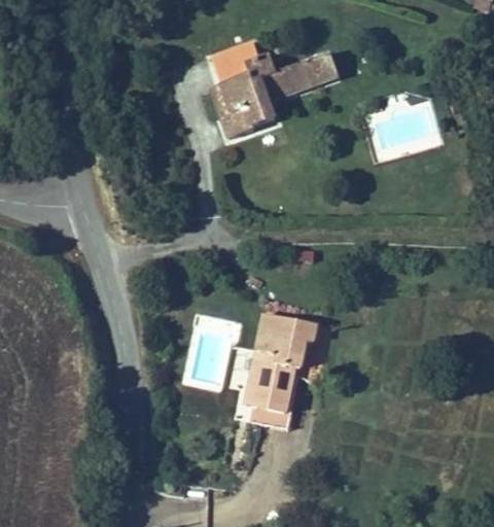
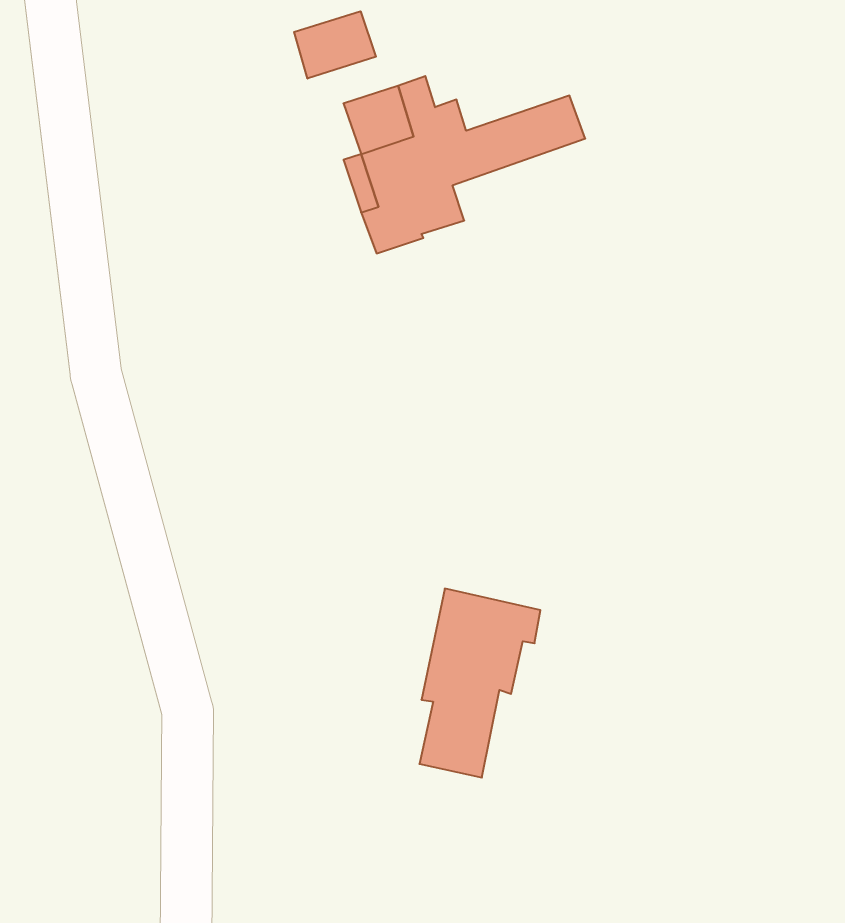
building: none -> [294,11,376,79]

